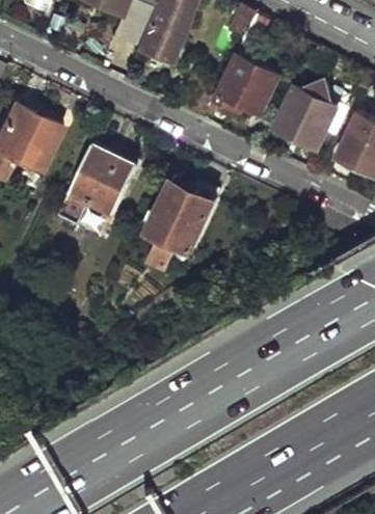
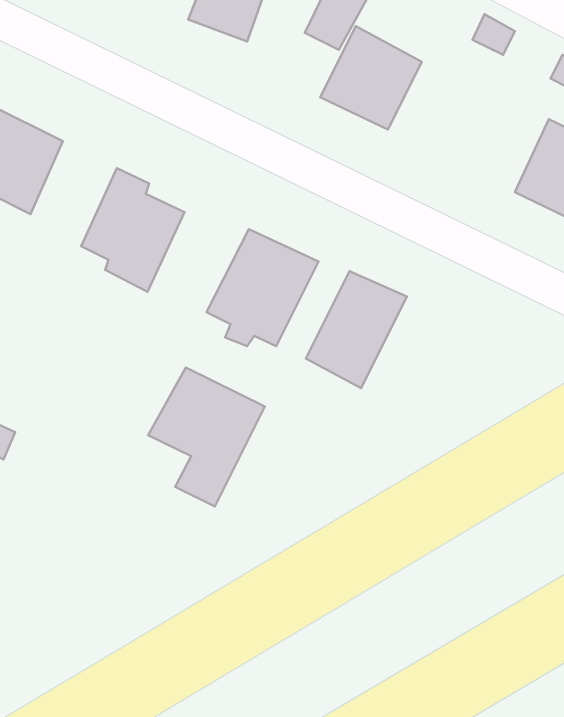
building: [276,80,338,148] -> none
building: none -> [306,271,407,388]
building: none -> [148,368,265,506]

